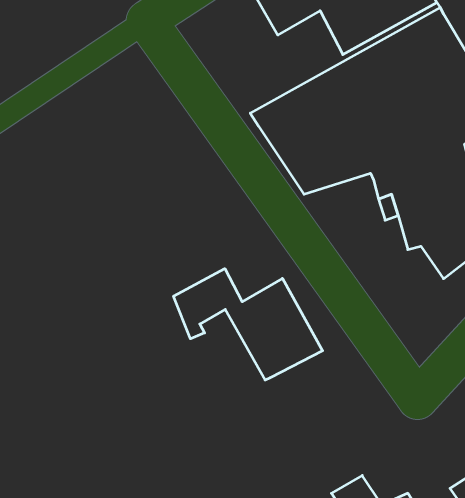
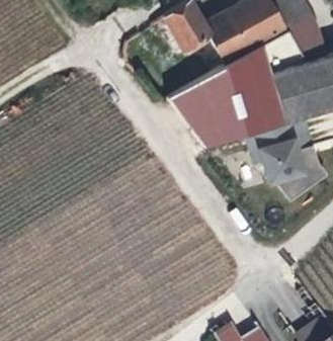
building: [174,269,323,380] -> none

